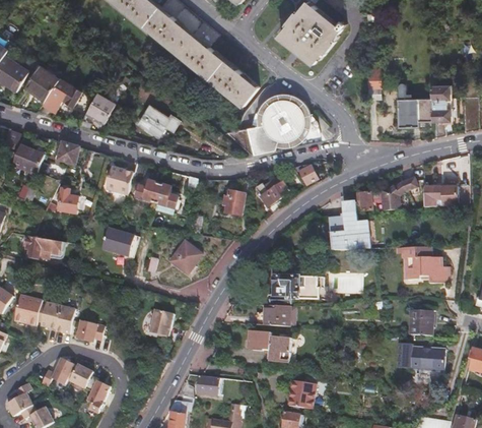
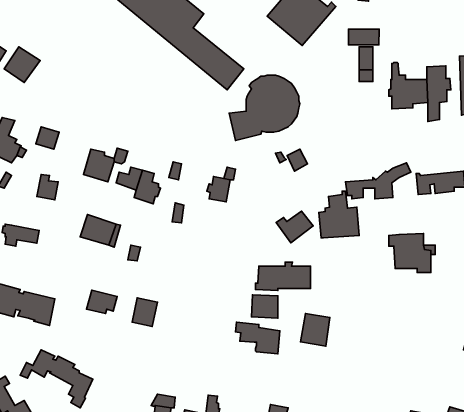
building: none -> [348,29,379,45]
building: [44,79,82,113] -> none
building: [84,95,116,123] -> none
building: [136,105,175,137] -> none
building: [254,178,289,208] -> [276,211,313,243]
building: [168,241,200,273] -> none
building: [408,309,431,335] -> none
building: [76,320,106,343] -> [87,290,117,313]
building: [400,342,447,367] -> none
building: [195,375,217,398] -> none
building: [288,378,317,410] -> [300,313,330,346]

